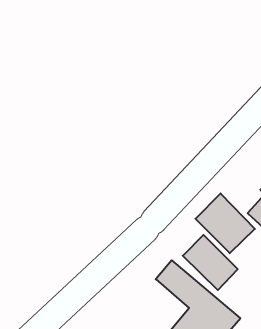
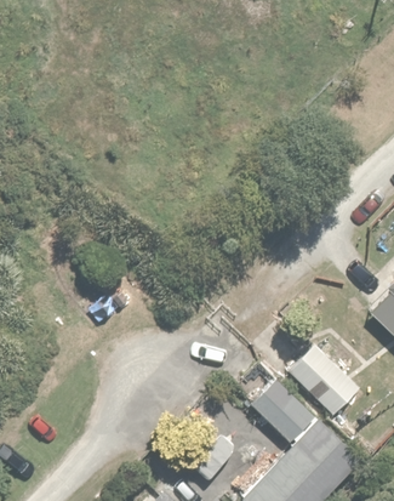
building: [195,193,255,253] -> none

